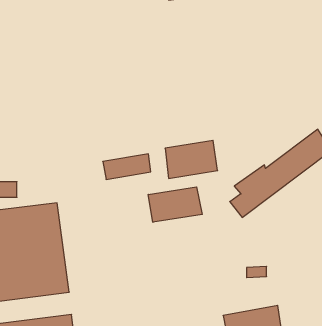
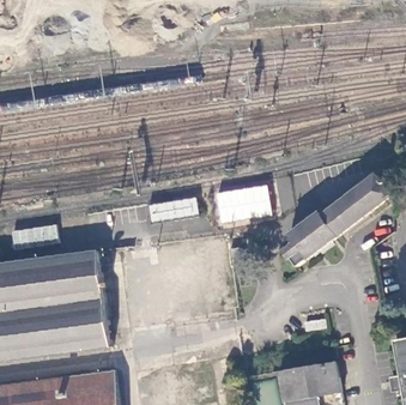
building: [148,187,202,222] -> none

